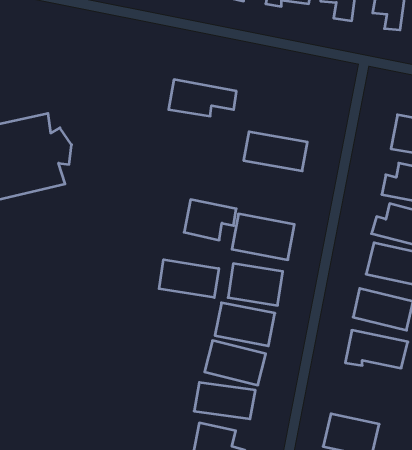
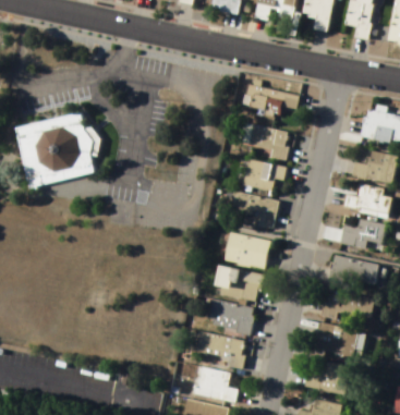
building: [169,80,236,116] -> [243,84,300,114]
building: [184,200,236,240] -> [243,159,287,193]
building: [159,260,219,298] -> none
building: none -> [315,321,359,356]

